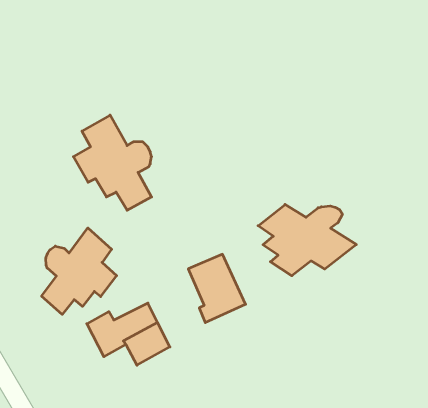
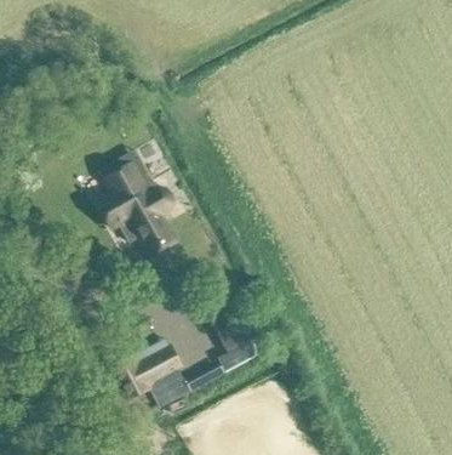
building: [258,204,356,276] -> none
building: [42,228,117,314] -> none

